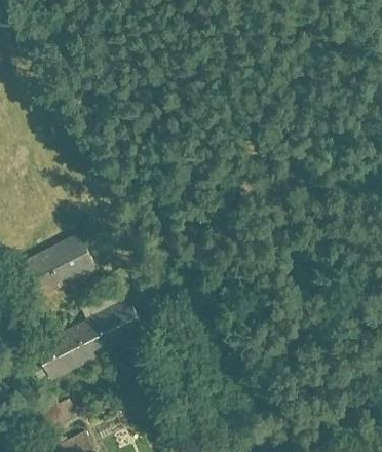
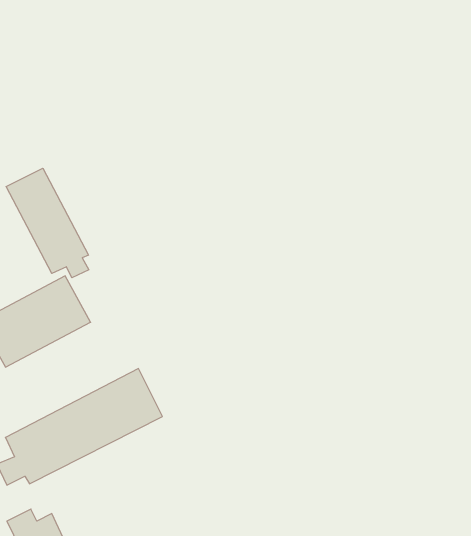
building: none -> [6,168,89,278]

